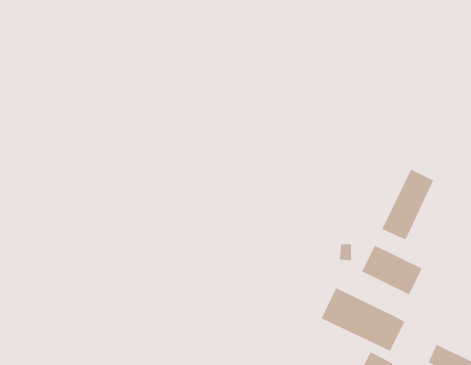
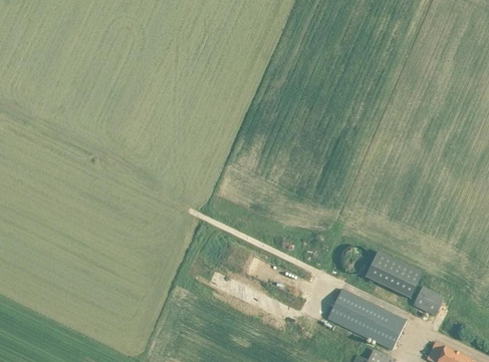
building: [381,169,434,240] -> none
building: none -> [414,287,445,316]

